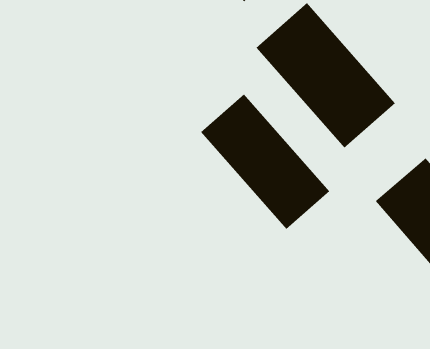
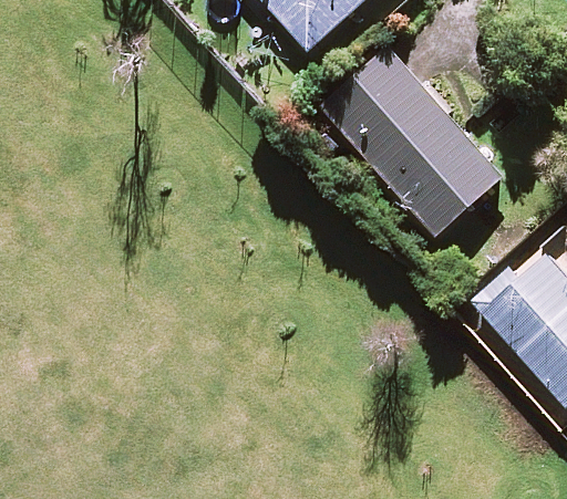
building: [200,94,330,230] -> none

